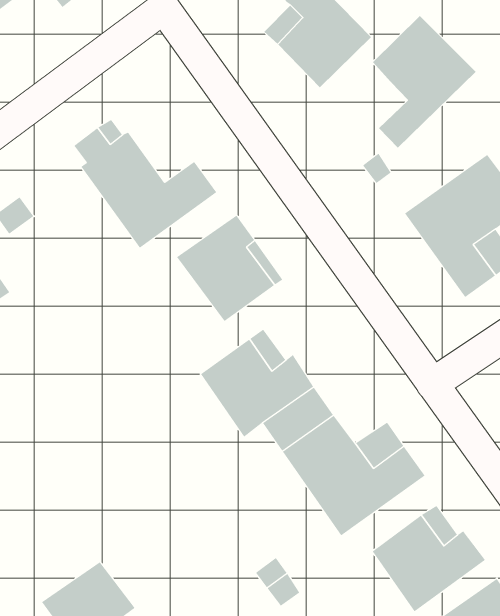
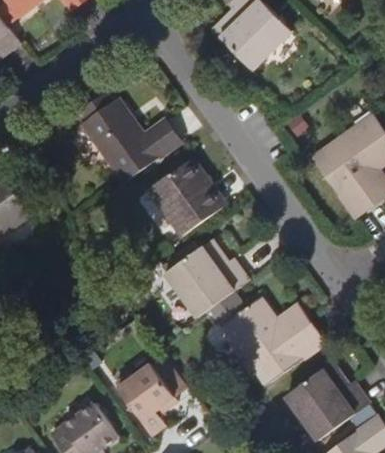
building: [372,15,477,148] -> none
building: none -> [117,364,179,434]

